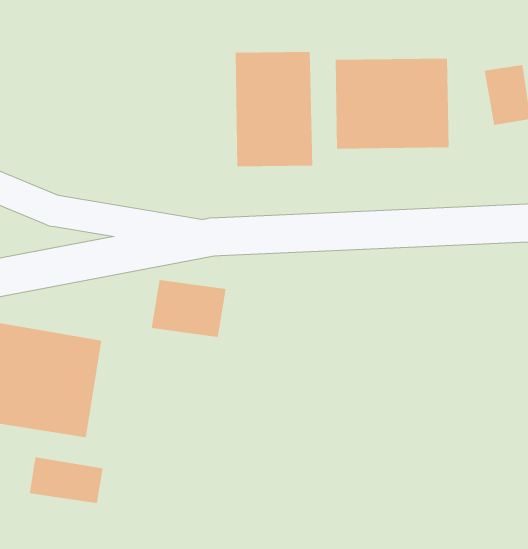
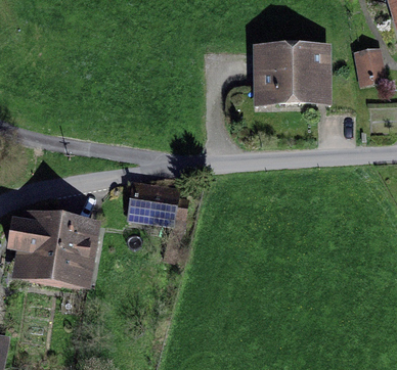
building: [235,51,313,167] -> none
building: [29,456,103,504] -> none

